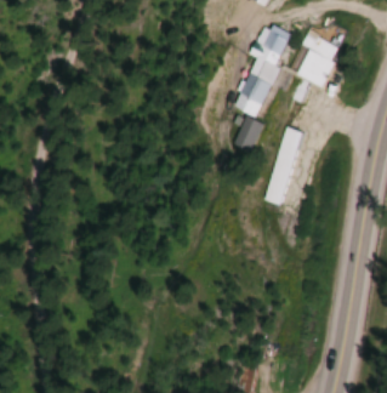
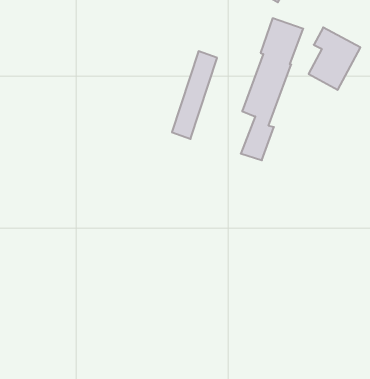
building: [264,125,306,205] -> [172,51,217,139]

